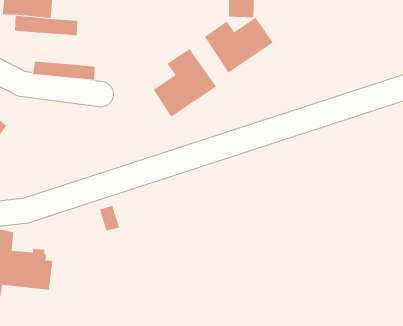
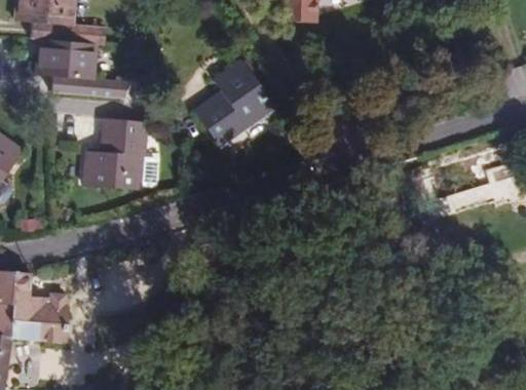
building: [204,17,274,74] -> none
building: none -> [38,39,97,77]
building: none -> [85,117,148,189]

